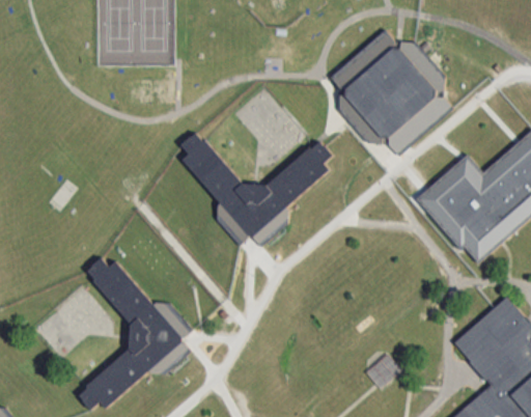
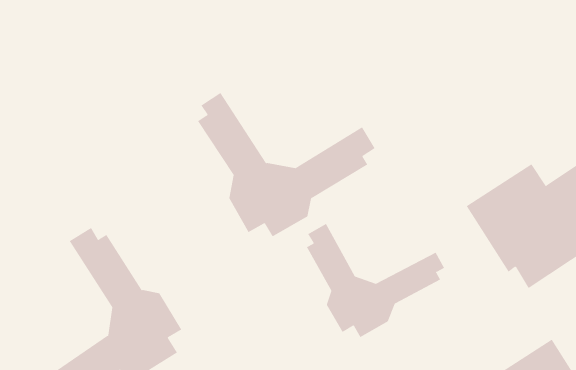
building: [330,29,451,154] -> none
building: none -> [306,223,445,338]

